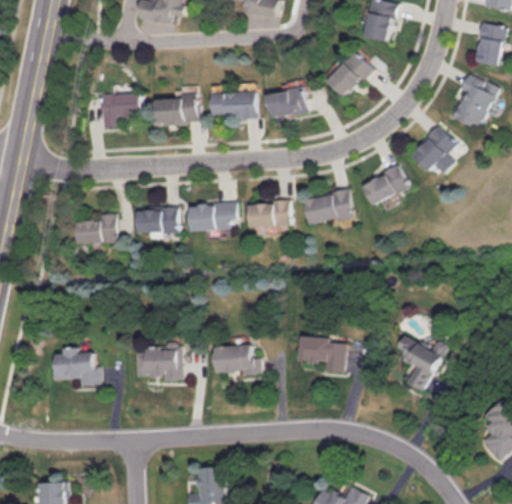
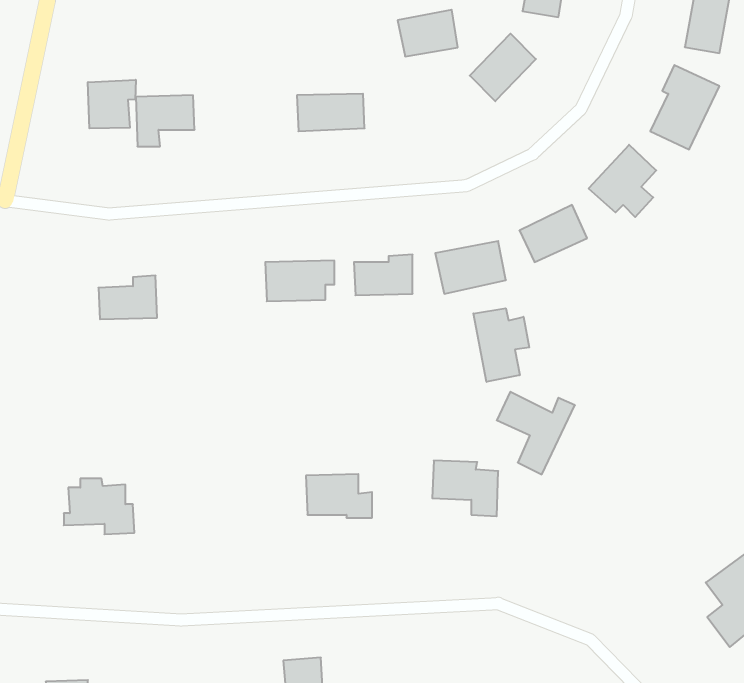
building: none -> [88,80,136,128]
building: [266,87,306,118] -> [398,10,458,56]
building: [158,92,199,125] -> none
building: [138,206,178,233] -> none
building: none -> [473,308,529,382]
building: [395,336,447,391] -> [497,392,575,474]
building: [139,341,184,380] -> none

